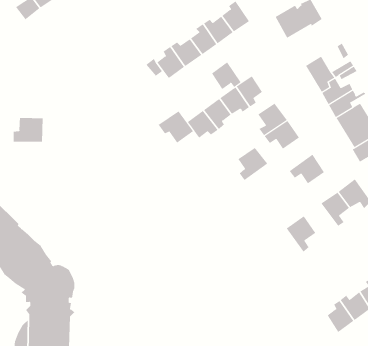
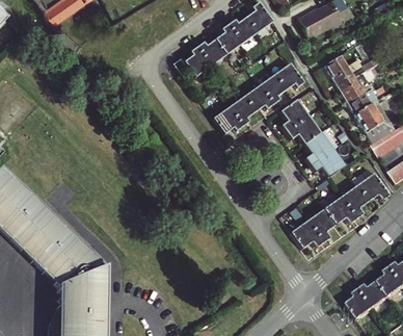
building: [211,62,242,90] -> [275,61,304,88]
building: [158,111,194,143] -> none
building: [13,117,43,143] -> none
building: [238,147,268,181] -> [304,132,333,164]
building: none -> [325,196,357,224]
building: none -> [291,219,324,248]

